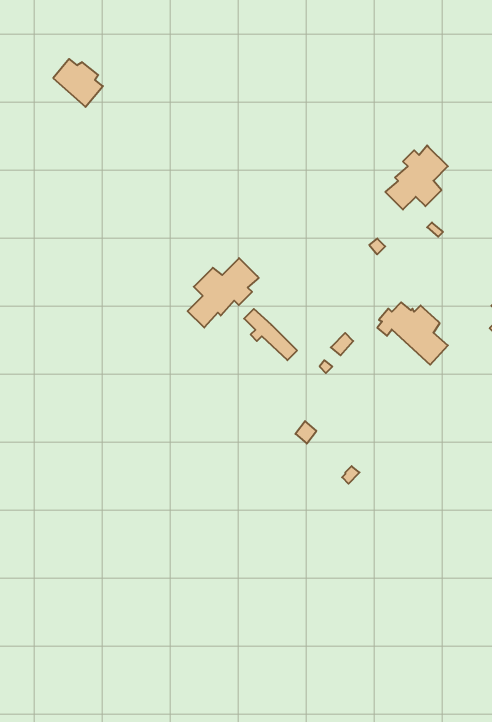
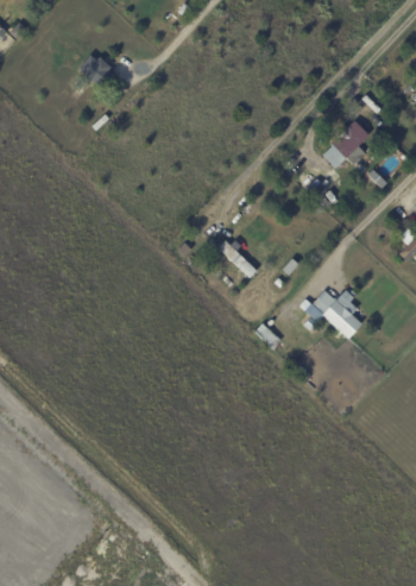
building: [188,258,259,328] -> none
building: [377,302,448,365] -> [309,291,361,338]

